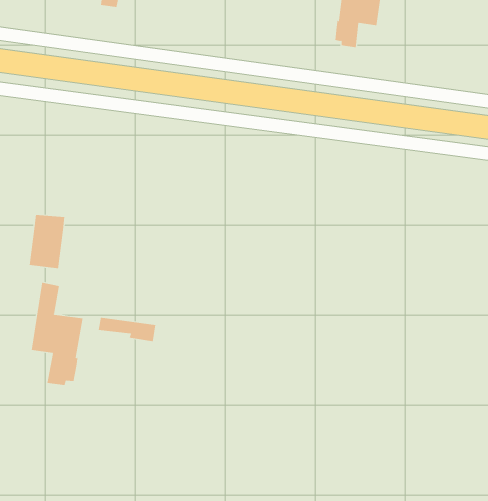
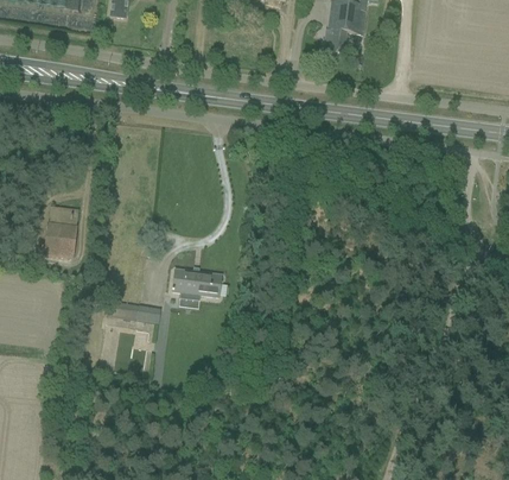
building: [31,282,83,386] -> none
building: none -> [172,269,221,296]

